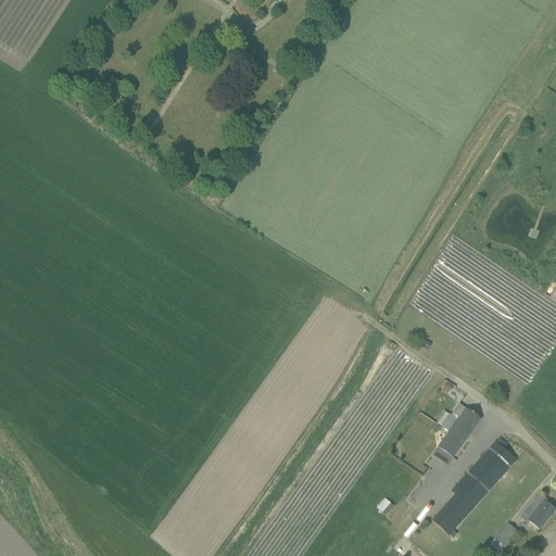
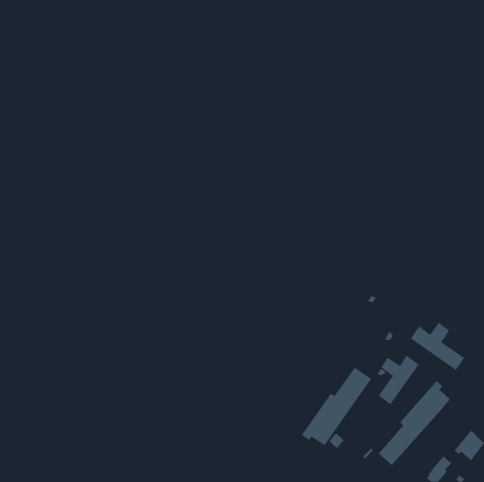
building: none -> [410,322,465,371]
building: none -> [301,367,372,446]

